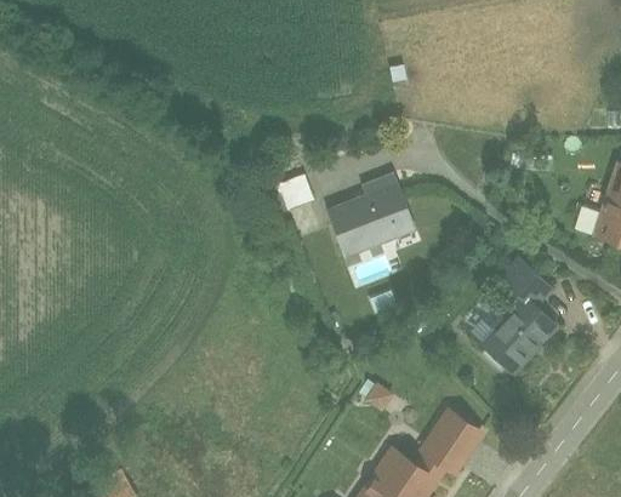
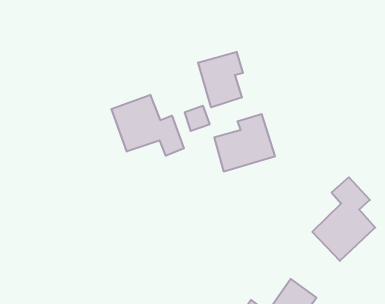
building: none -> [198,52,243,107]
building: none -> [111,95,184,156]

